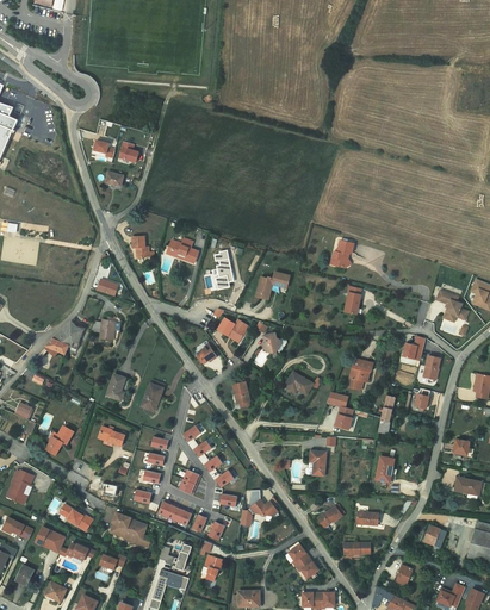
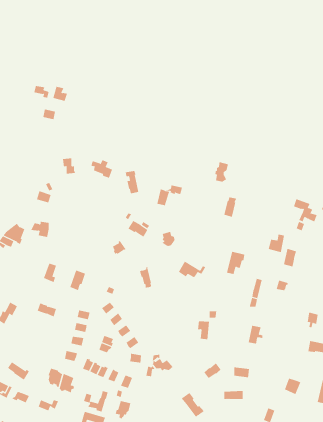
building: [325,392,353,429] -> none

